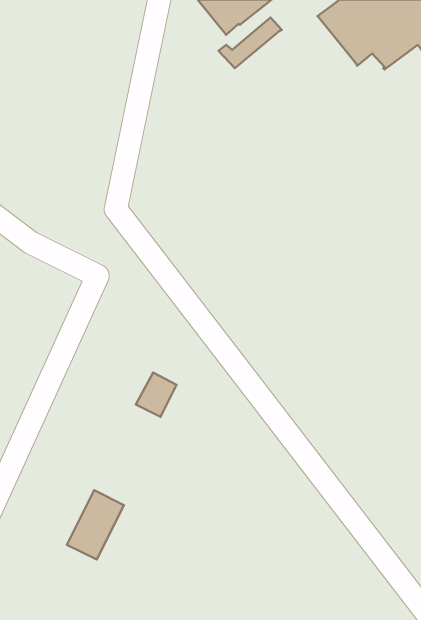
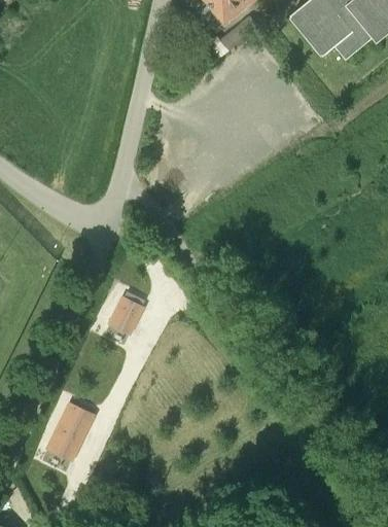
building: [136,372,177,417] -> [108,297,142,335]
building: [67,490,124,560] -> [46,403,94,461]

